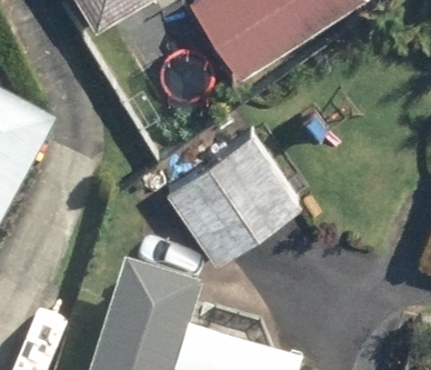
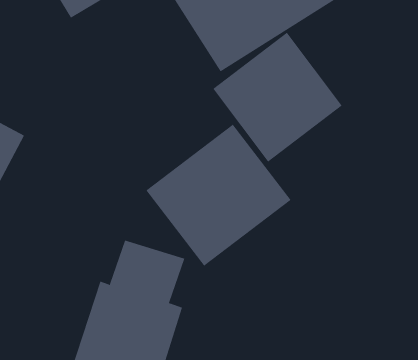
building: none -> [212,32,342,162]

